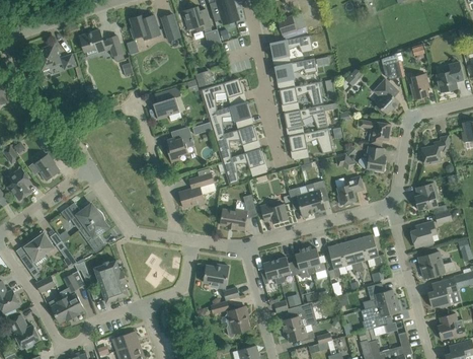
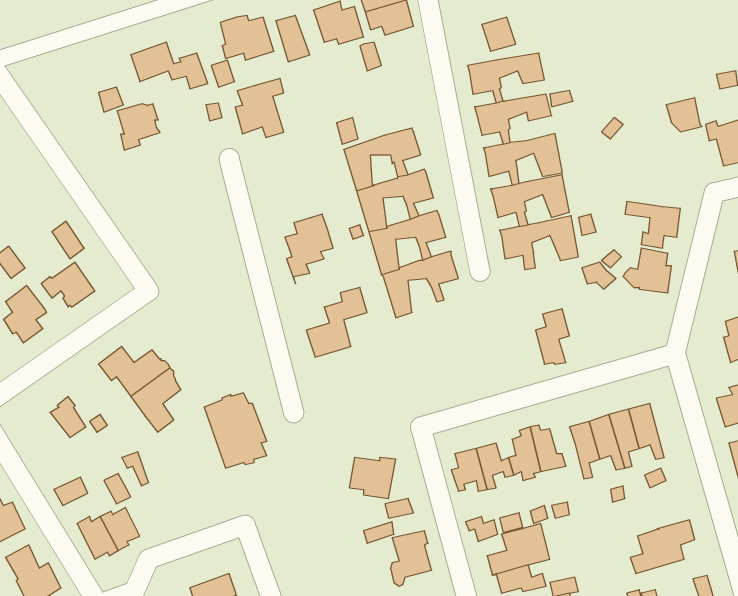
building: [35,47,60,73] -> [117,104,160,150]
building: [373,77,399,115] -> none
building: [153,87,180,121] -> [235,78,284,137]
building: [336,176,363,205] -> none
building: [288,185,313,217] -> none
building: [220,194,257,230] -> none
building: [259,204,288,223] -> none
building: [20,239,45,276] -> none
building: [93,260,129,302] -> [204,393,267,468]
building: [367,283,395,305] -> none

